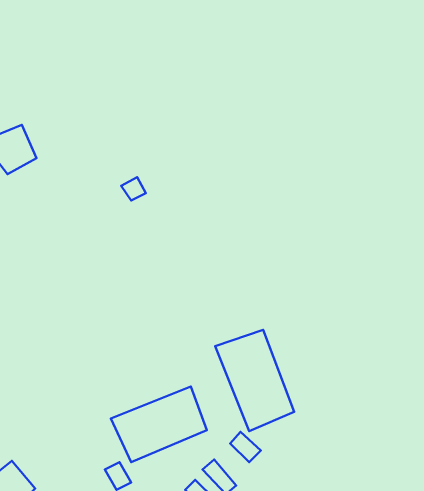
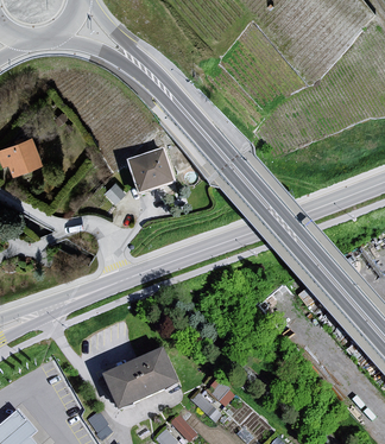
building: none -> [124,148,172,195]
building: [215,330,294,431] -> none

